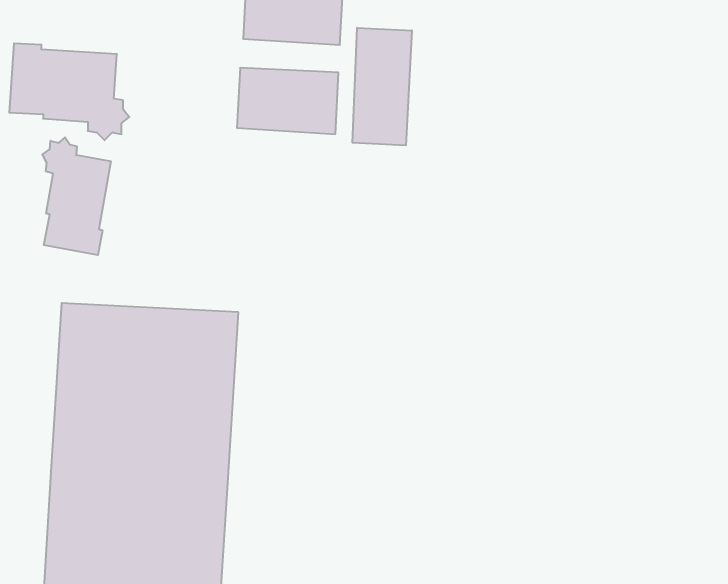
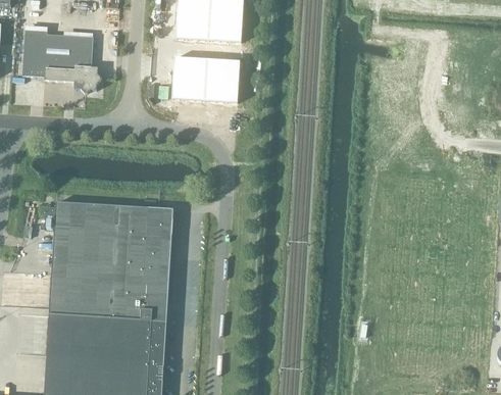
building: [352,28,412,145] -> none
building: [42,137,111,255] -> none

